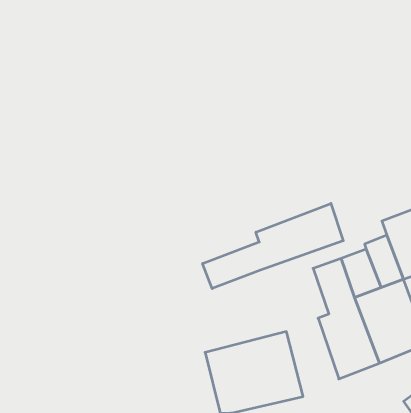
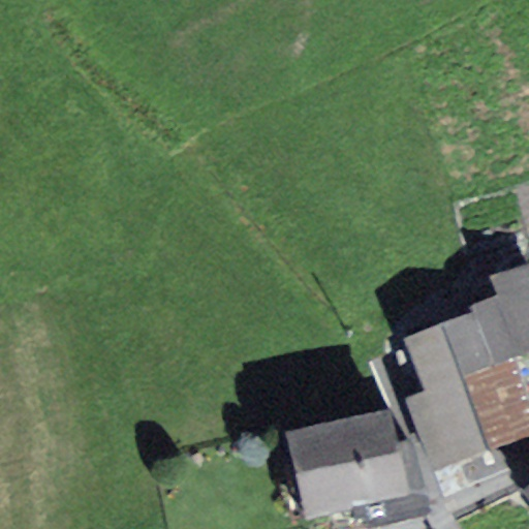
building: [203,203,343,289] -> none

